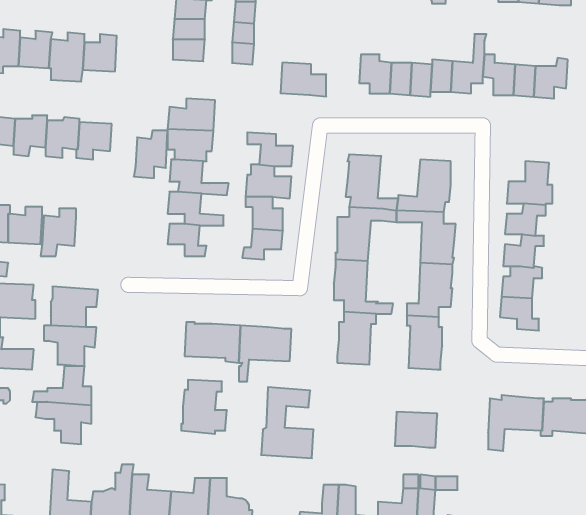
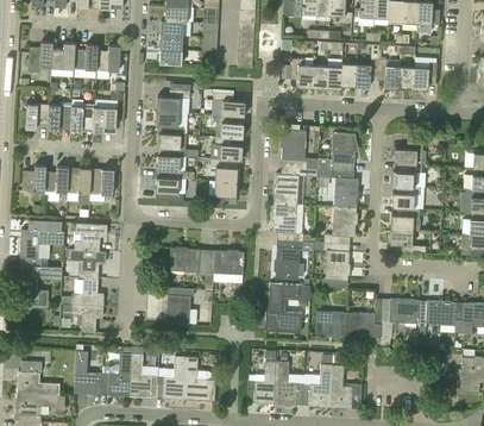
building: [280,63,326,96] -> [212,93,244,117]
building: [134,131,168,178] -> [89,169,113,202]
building: [261,387,314,458] -> [265,283,302,333]
building: none -> [344,301,382,337]

